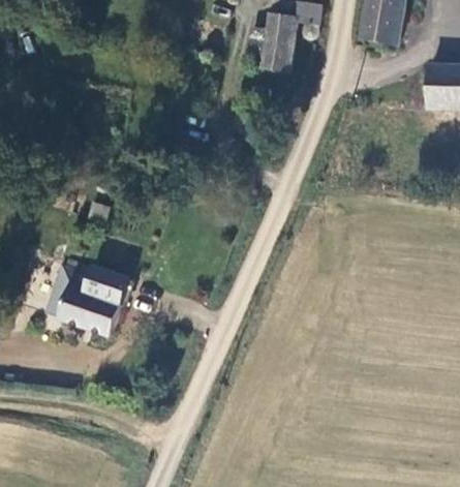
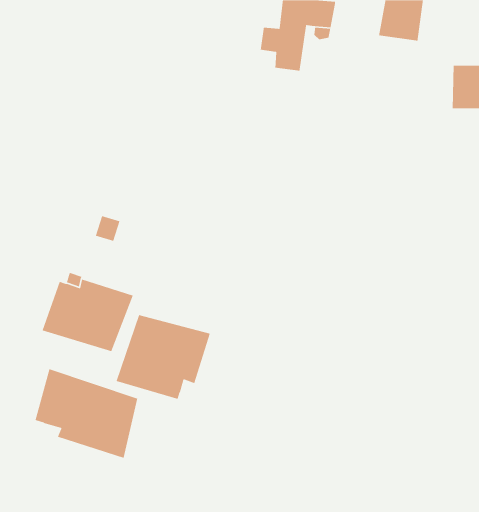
building: none -> [115,314,211,400]
building: none -> [34,368,138,459]

